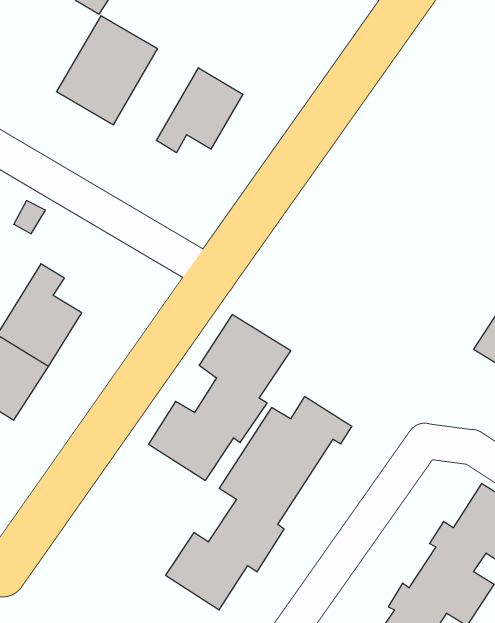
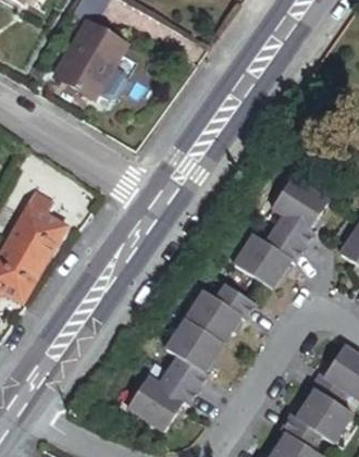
building: [156,68,243,153] -> none
building: [149,315,291,480] -> [234,174,332,288]

